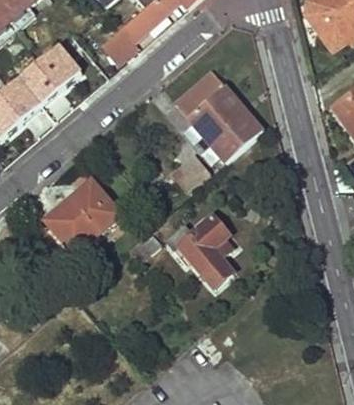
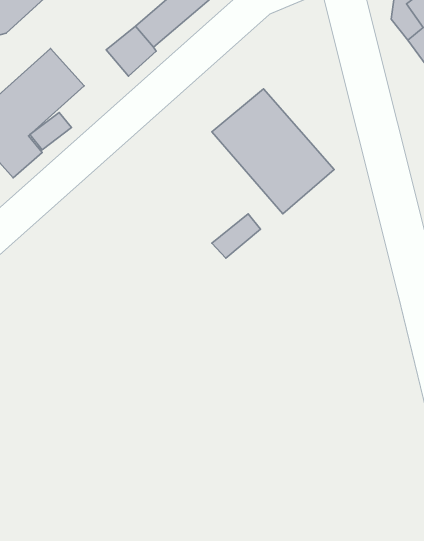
building: [43,180,119,252] -> none
building: [168,216,233,286] -> none

